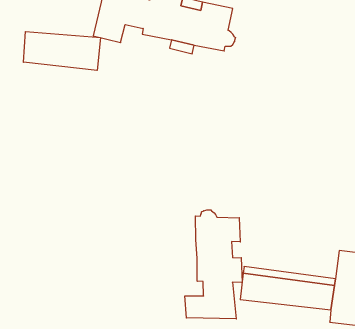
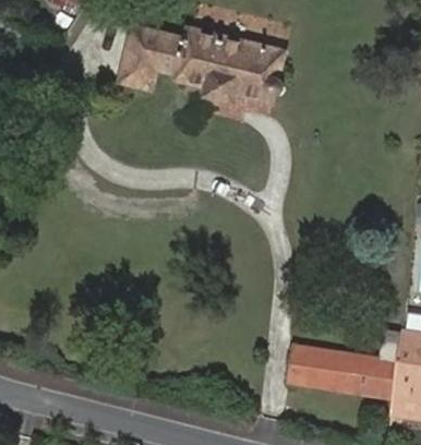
building: [23,32,100,70] -> none
building: [185,210,242,319] -> none

